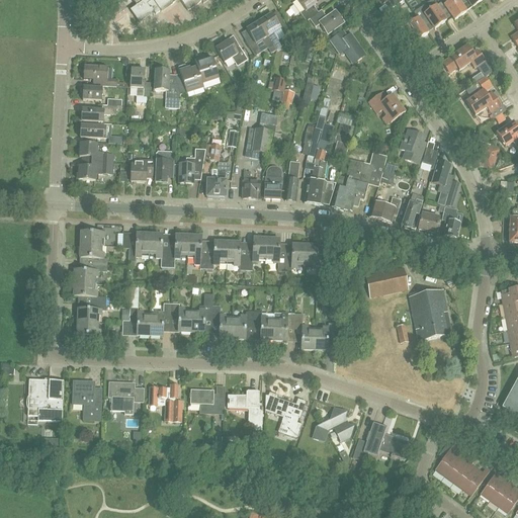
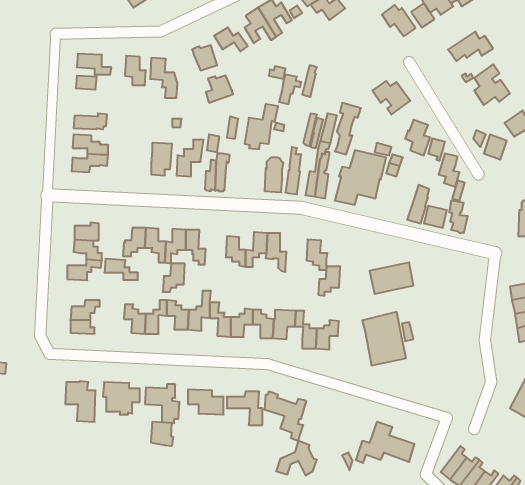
building: [331,29,363,60] -> [382,5,415,36]
building: [177,66,203,92] -> [206,75,233,103]
building: [79,103,116,120] -> none
building: [131,157,153,180] -> none
building: [243,169,262,196] -> none
building: [369,195,401,221] -> none
building: [206,240,228,267] -> [163,264,185,292]
building: [284,243,306,271] -> [318,266,340,296]
building: [73,281,105,301] -> [104,259,138,280]
building: [409,287,451,339] -> [362,312,406,366]
building: [25,364,64,419] -> none
building: [313,407,352,440] -> [276,441,317,475]
building: none -> [151,422,173,446]

